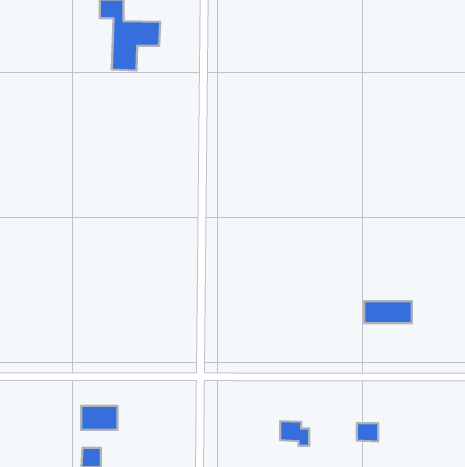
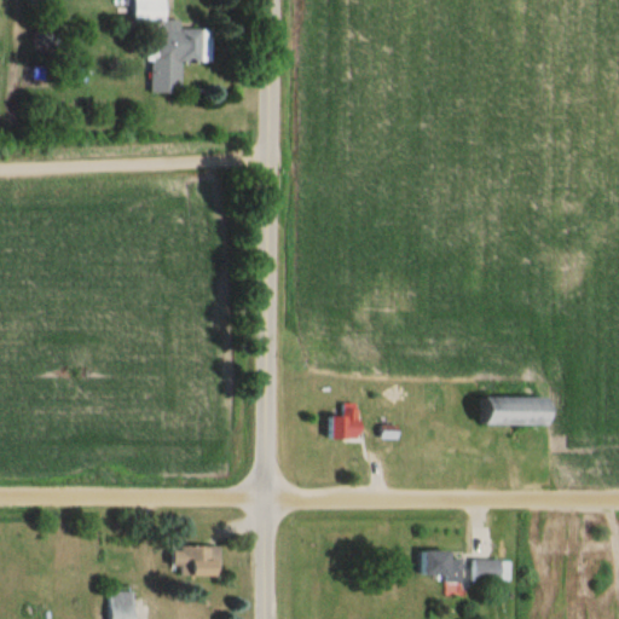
building: none -> [329,404,359,440]
building: [81,406,118,430] -> [174,544,222,575]
building: [280,421,309,446] -> [424,549,463,582]

